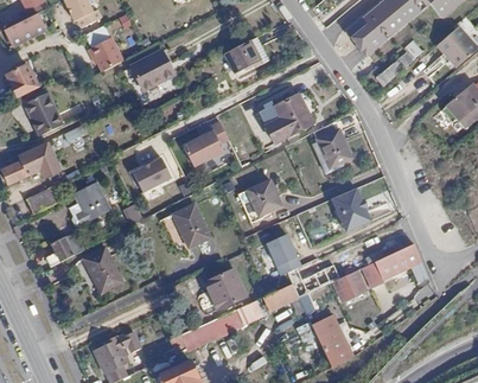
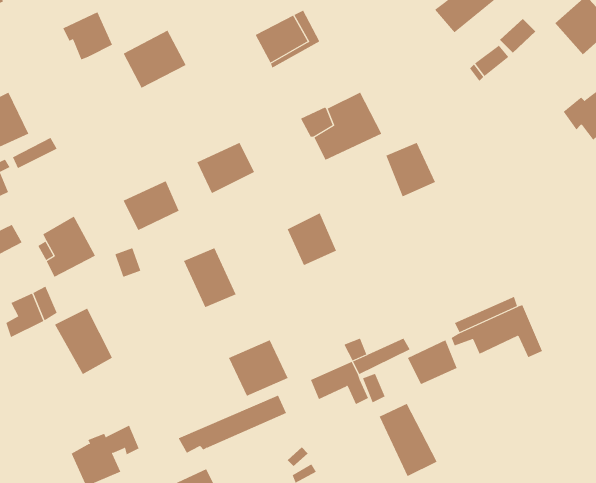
building: [330,187,371,232] -> none
building: [265,234,300,274] -> none

